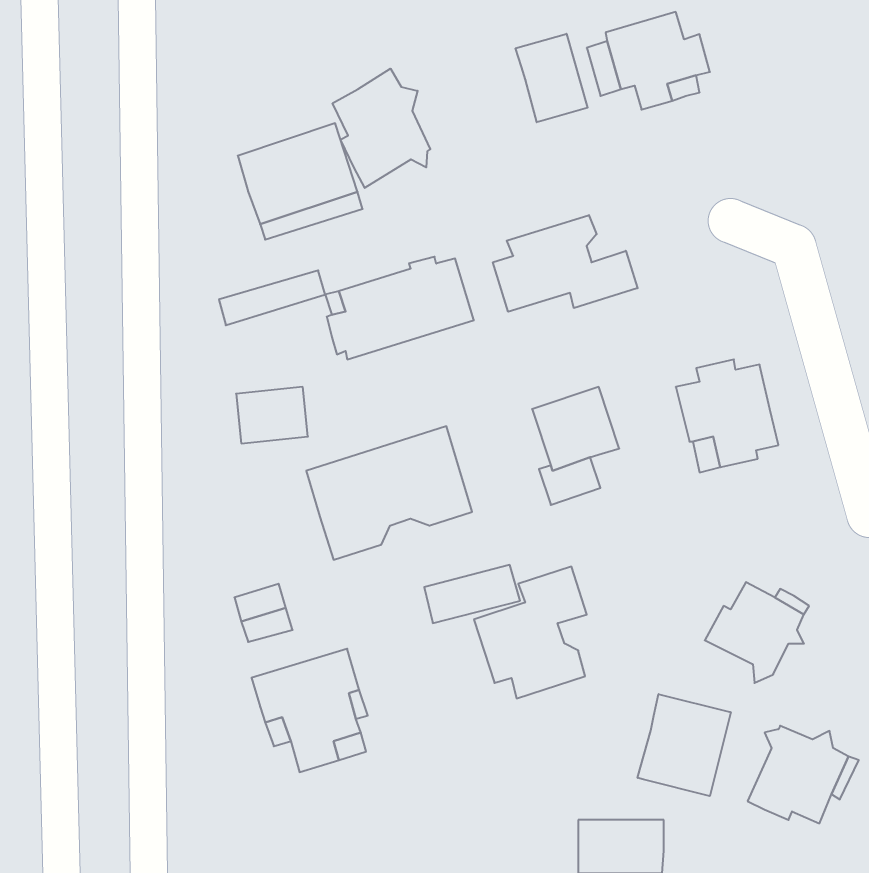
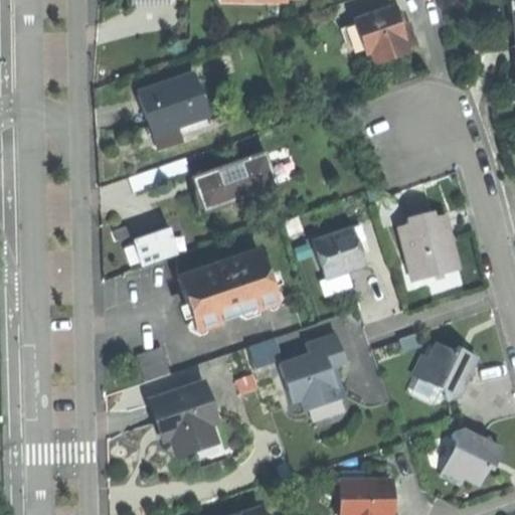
building: [516,34,588,122] -> none
building: [333,69,430,188] -> none
building: [493,215,638,312] -> none
building: [638,694,731,796] -> none

